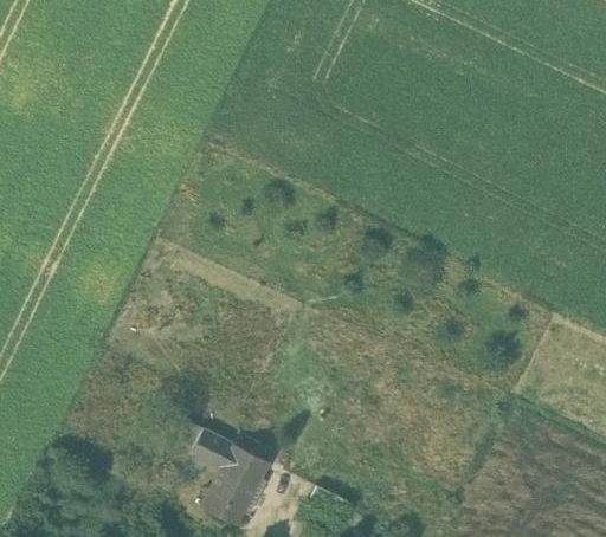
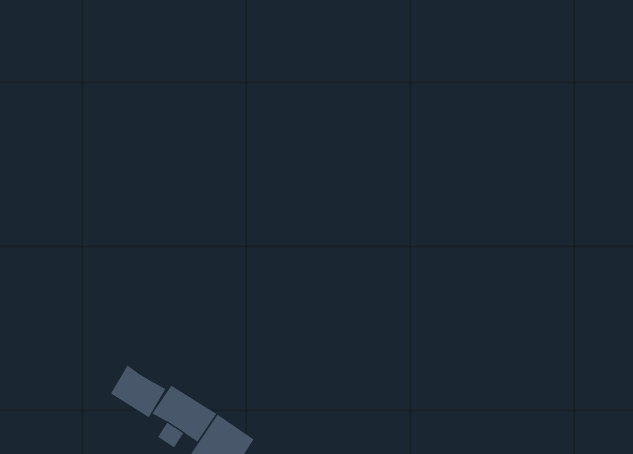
building: none -> [110,365,166,418]

